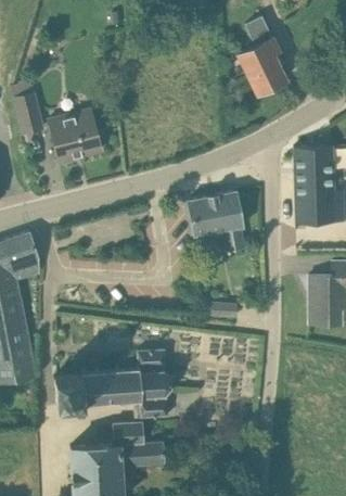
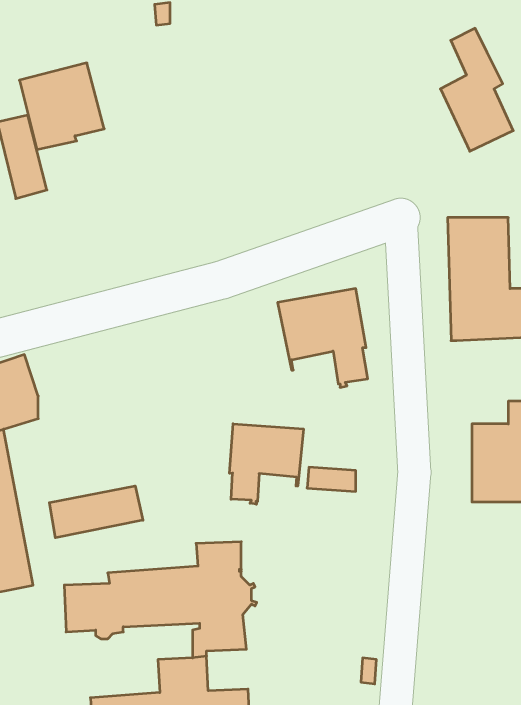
building: [240,16,285,93] -> [440,28,513,151]
building: [49,110,102,164] -> [19,63,104,150]
building: none -> [230,424,303,504]
building: none -> [49,486,143,538]

